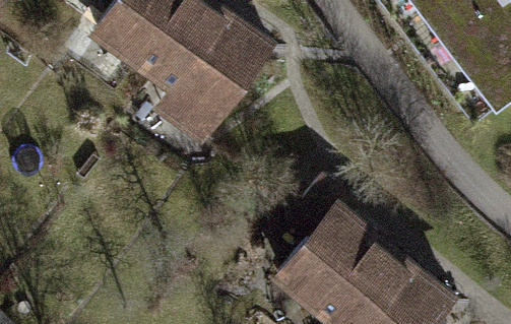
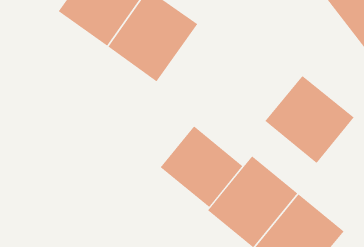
building: none -> [264,75,354,164]
building: none -> [160,126,243,208]

